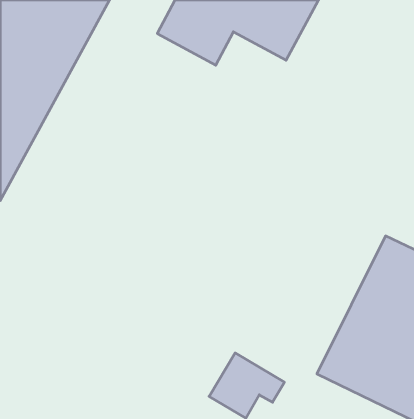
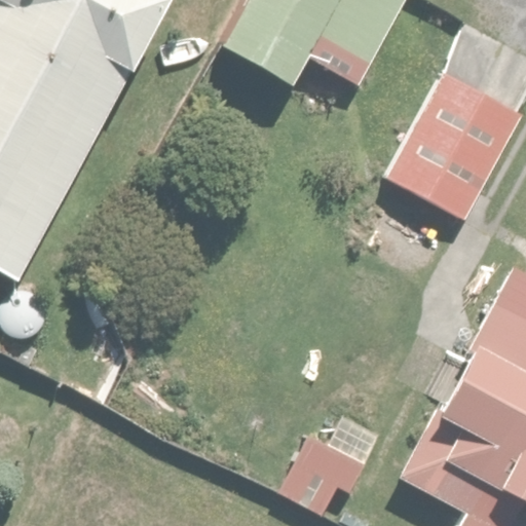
building: none -> [382,48,520,190]

